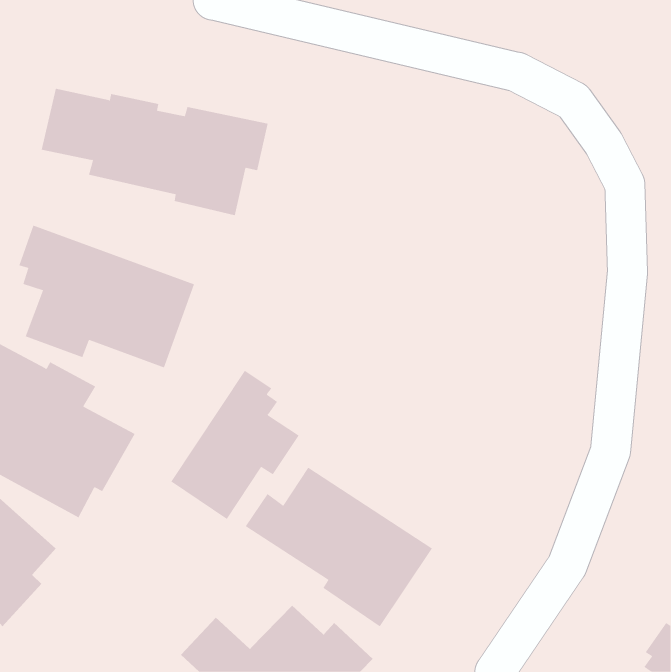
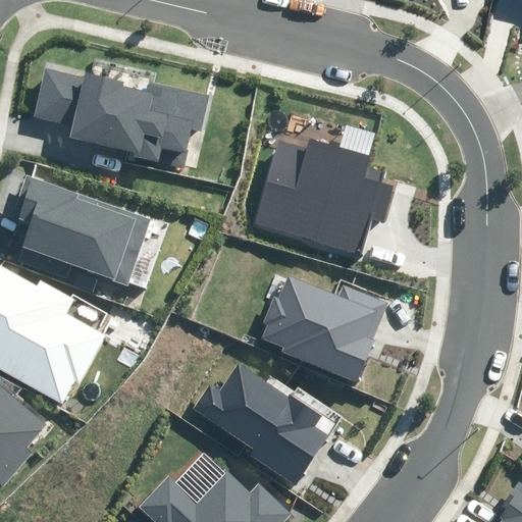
building: none -> [252,137,394,255]
building: none -> [262,275,387,381]
building: [171,370,300,520] -> none

